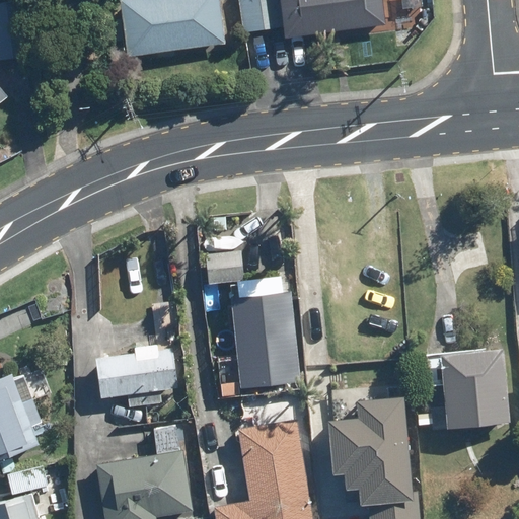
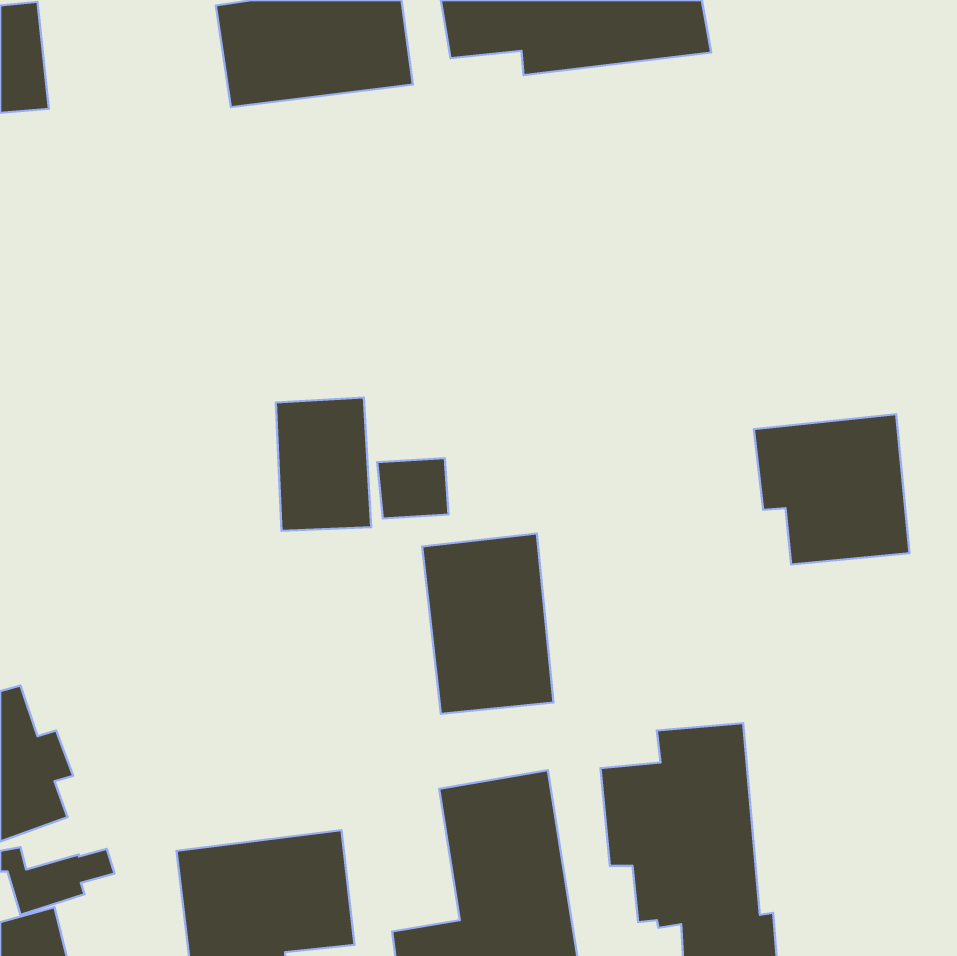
building: none -> [276,397,371,531]
building: [95,343,176,406] -> none
building: [425,345,509,426] -> [754,414,909,564]

